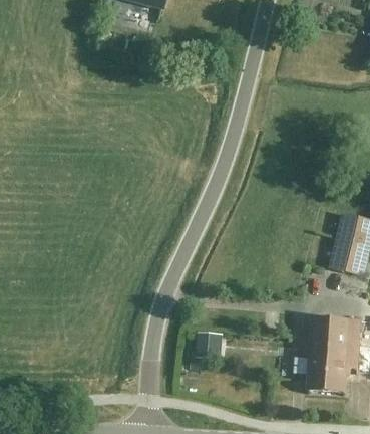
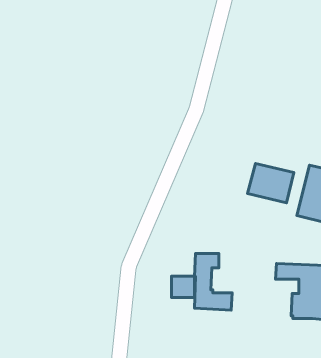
building: none -> [248,163,294,203]
building: [307,334,346,393] -> [195,253,232,310]

